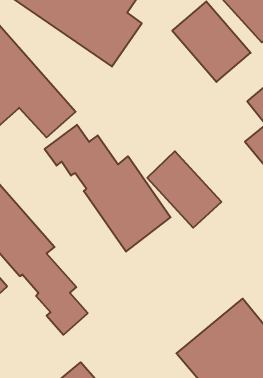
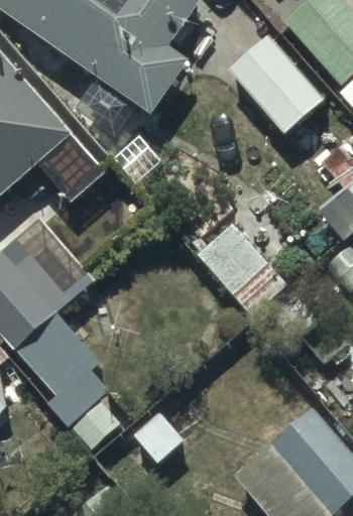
building: [45,125,171,252] -> none

